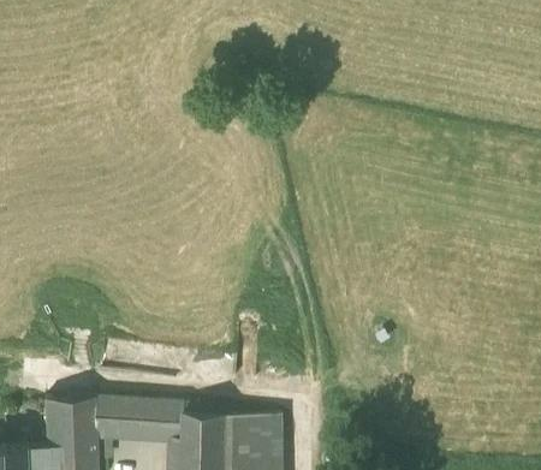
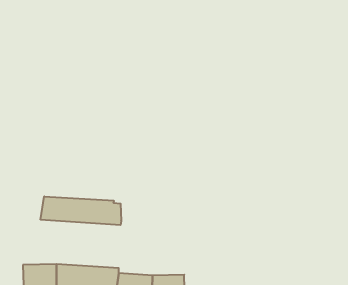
building: none -> [41,196,121,225]

